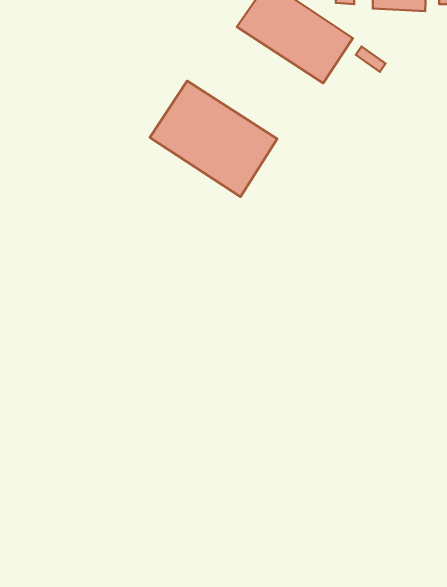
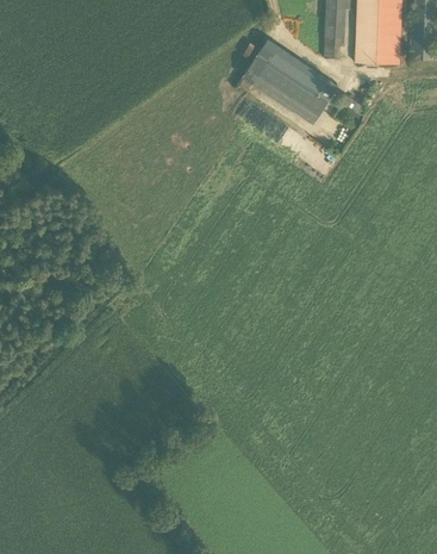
building: [150,81,277,197] -> none

